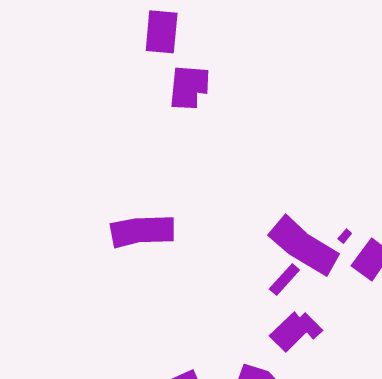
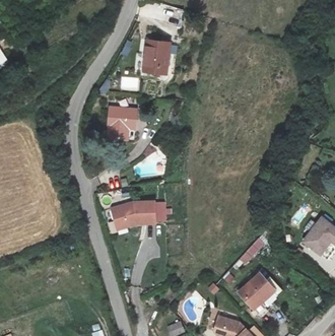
building: [171,67,209,109] -> [108,106,138,138]
building: [266,212,341,278] -> none

